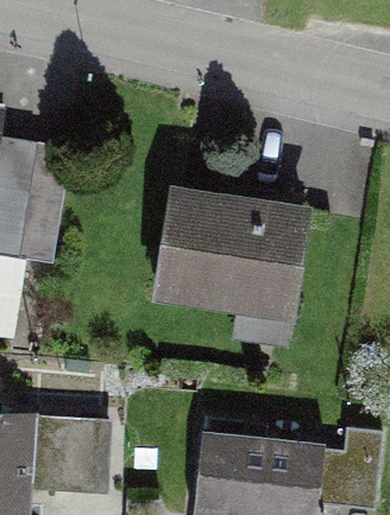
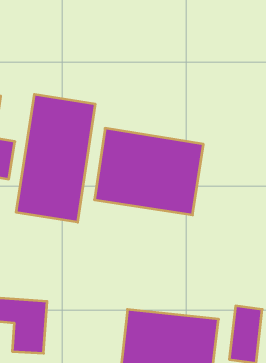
building: none -> [16,94,95,222]

